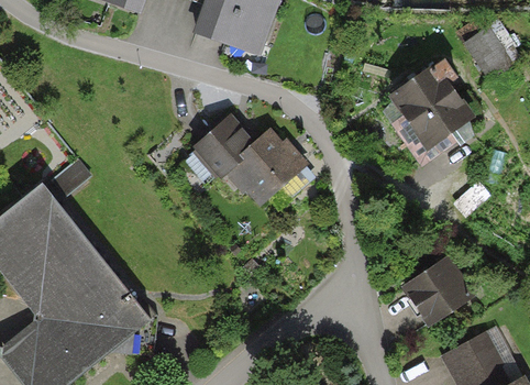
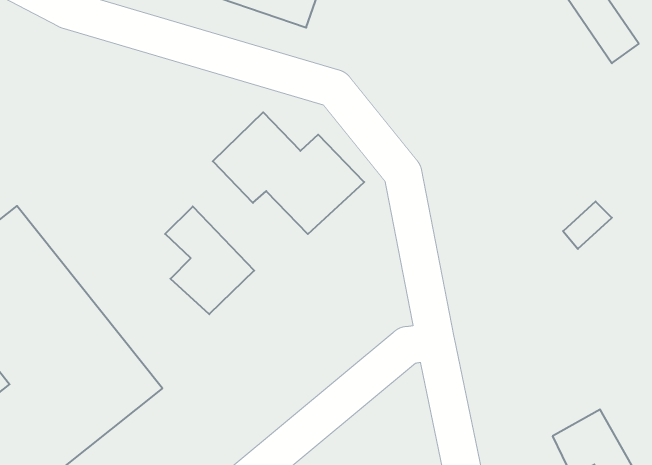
building: [389,58,467,162] -> none
building: none -> [165,206,254,314]
building: [402,256,468,320] -> none

